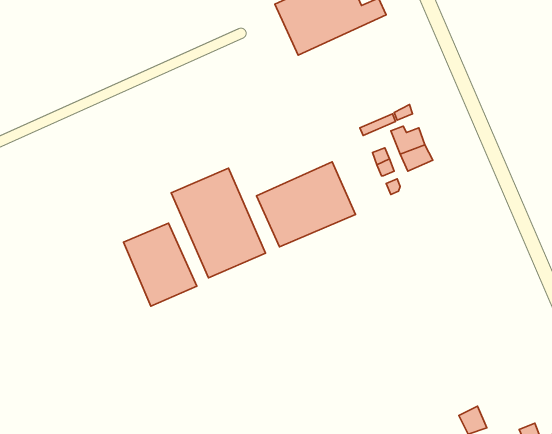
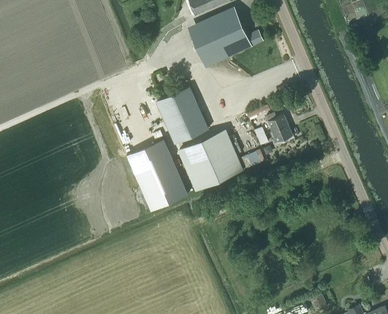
building: none -> [156,85,208,143]
building: [123,223,197,306] -> none

